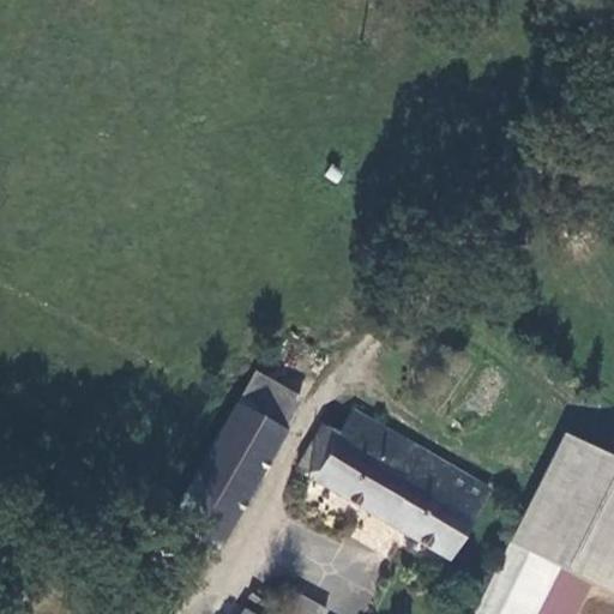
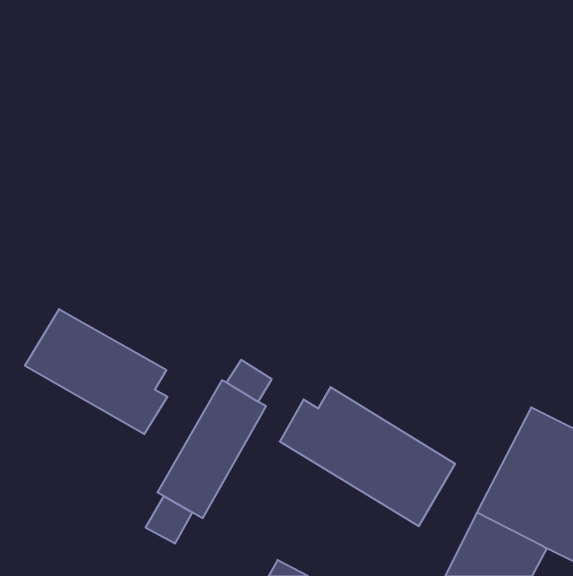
building: none -> [25,309,167,434]
building: none -> [146,496,192,544]

